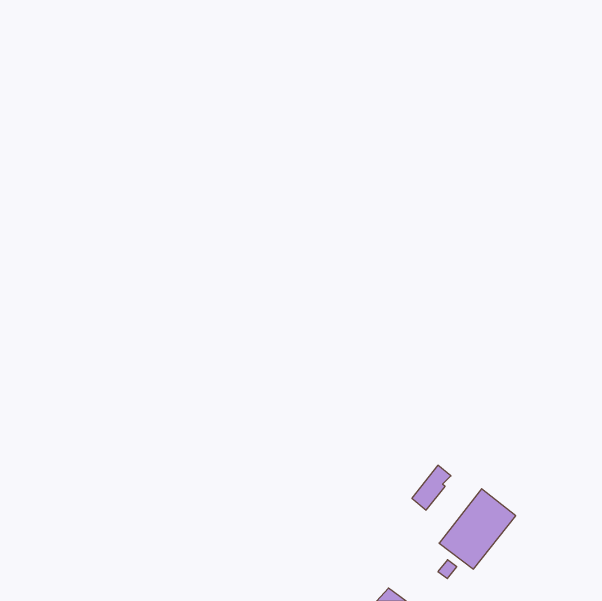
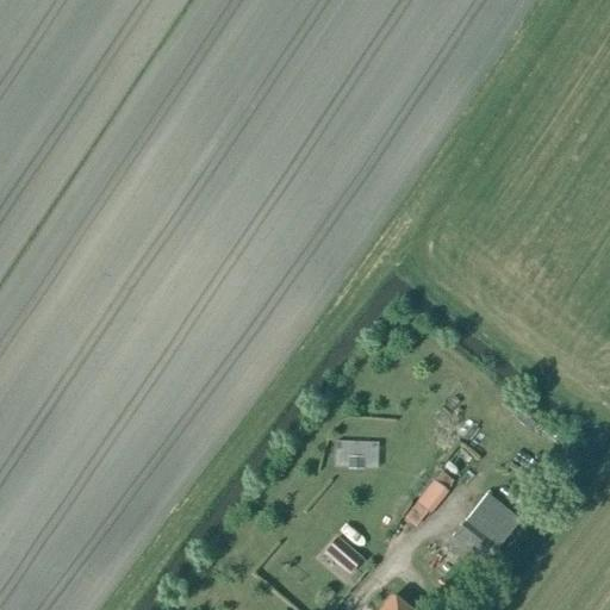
building: none -> [336,440,380,466]
building: none -> [324,537,363,575]

